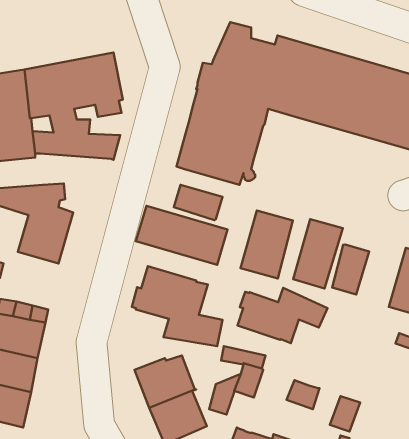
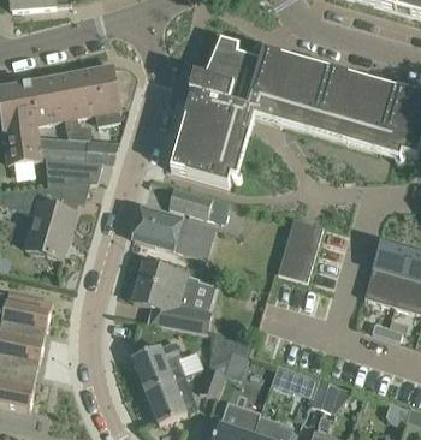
building: none -> [45,156,102,185]
building: [241,211,293,279] -> none
building: [332,244,369,295] -> none
building: [237,288,327,343] -> none

